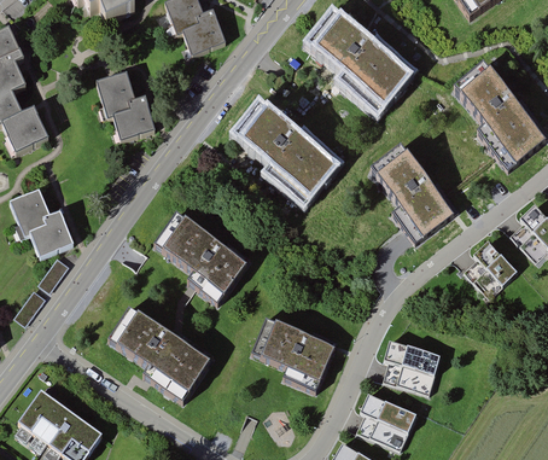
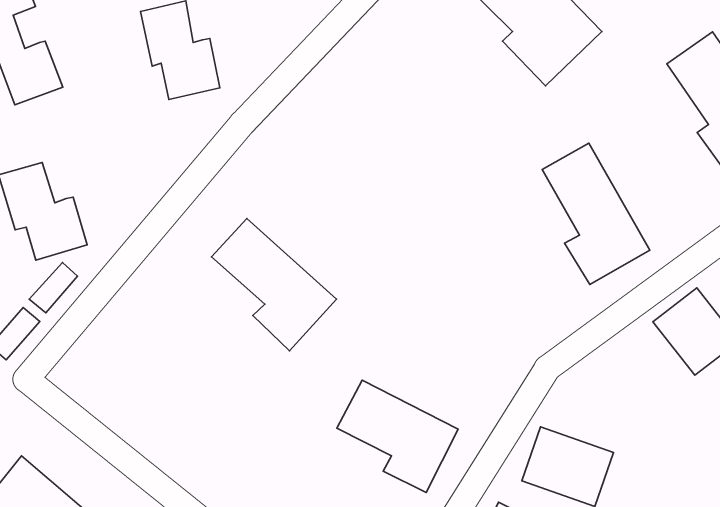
building: [235,104,339,203] -> none
building: [113,309,214,401] -> none

